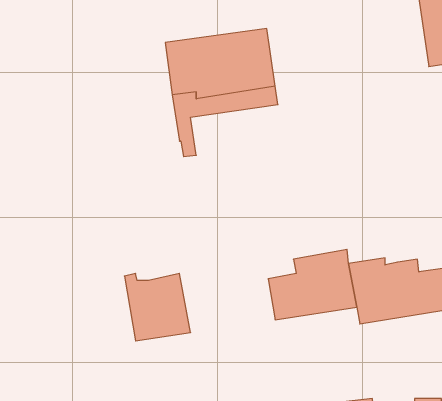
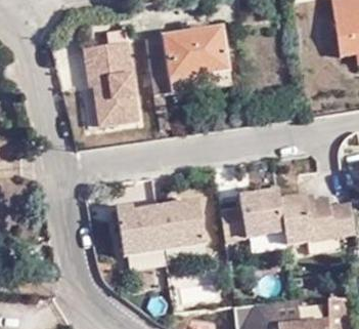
building: none -> [85,41,139,125]
building: none -> [156,200,206,249]

